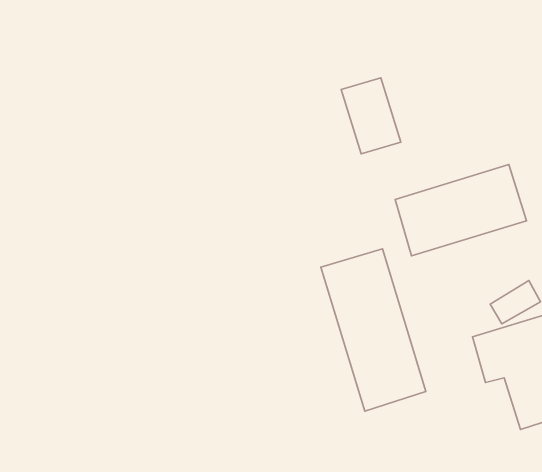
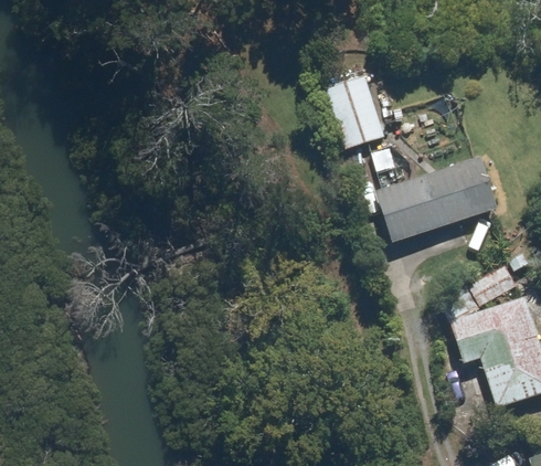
building: [321,249,426,411] -> none

